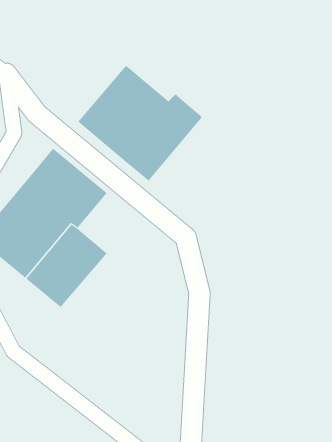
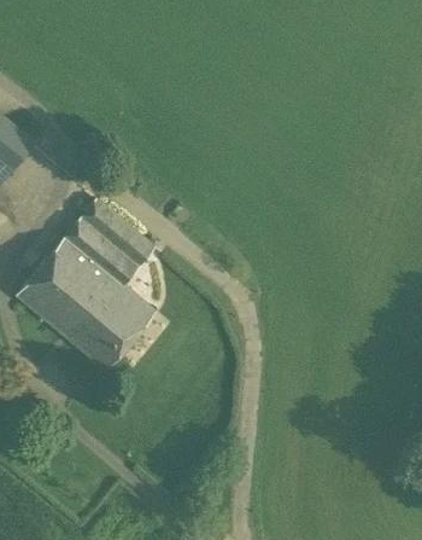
building: [77,65,203,182] -> none

